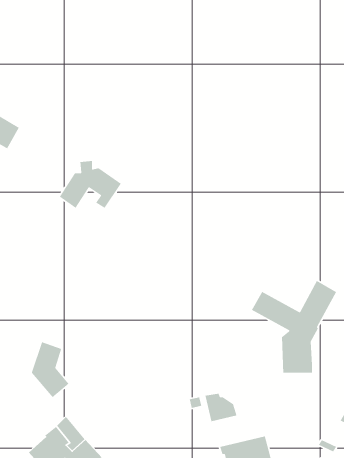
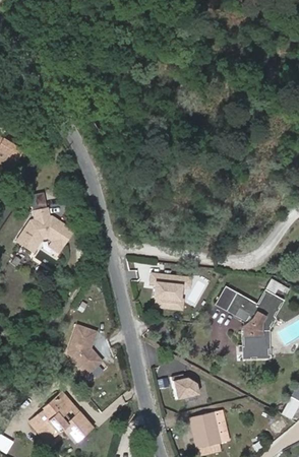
building: [59,160,122,209] -> [15,211,68,252]
building: none -> [148,273,190,310]
building: [31,341,70,398] -> [68,325,101,373]

